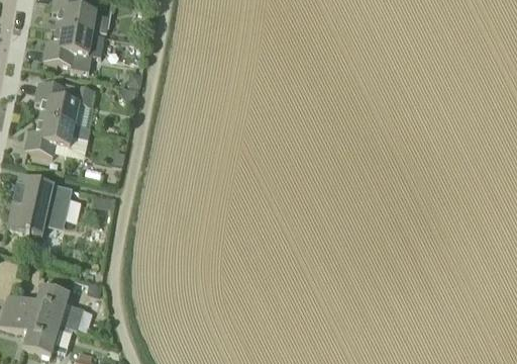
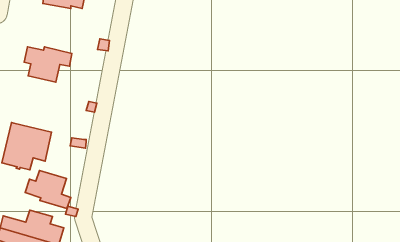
building: [43,27,93,68] -> none
building: [24,118,90,157] -> none
building: none -> [25,171,71,209]

